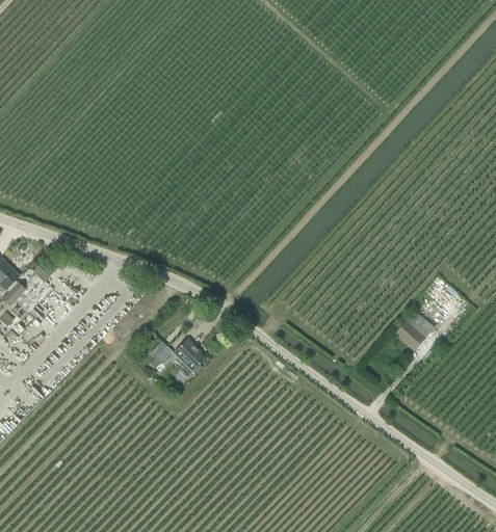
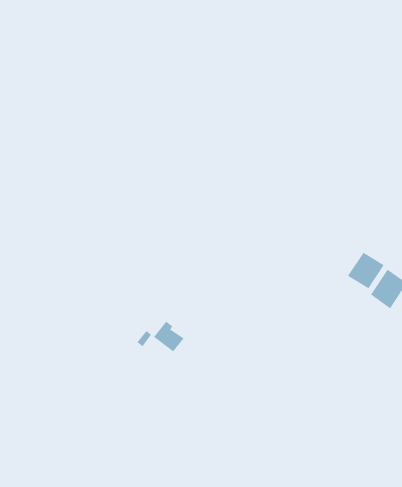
building: none -> [347,252,385,289]

